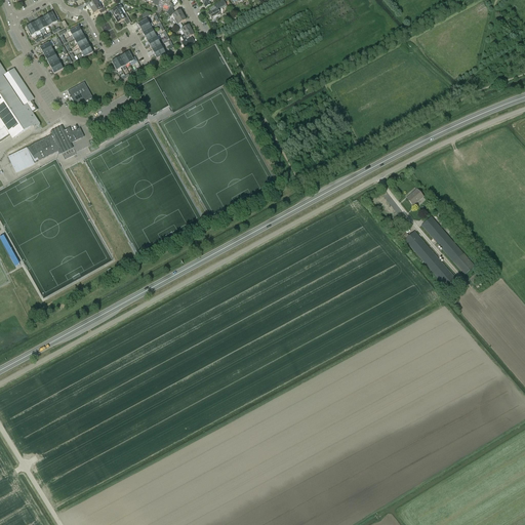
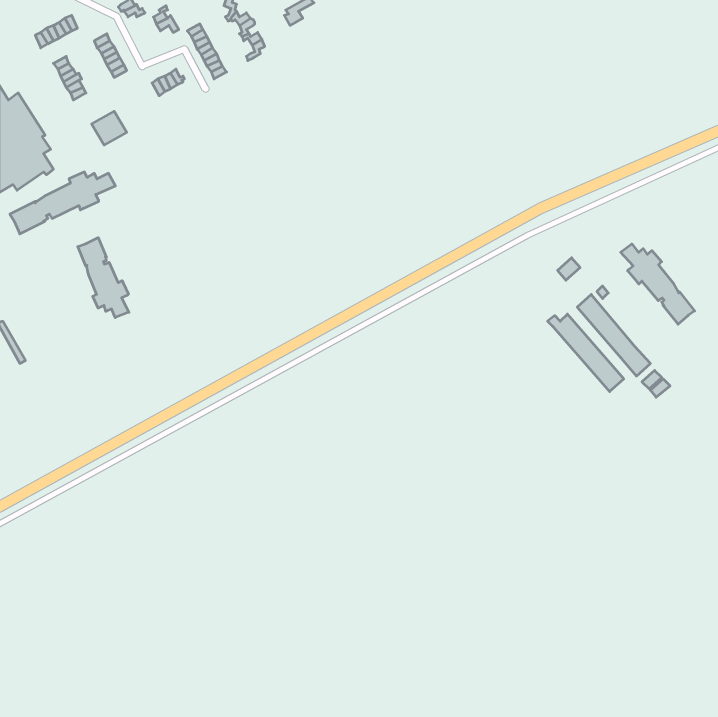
building: none -> [78,238,129,318]
building: none -> [621,244,695,324]

